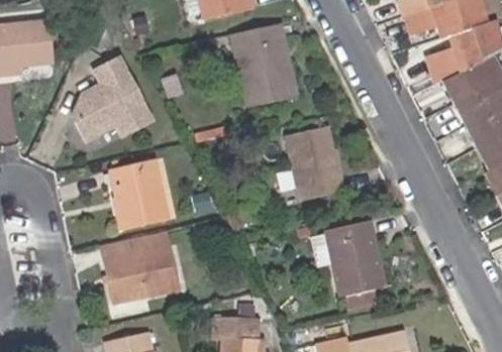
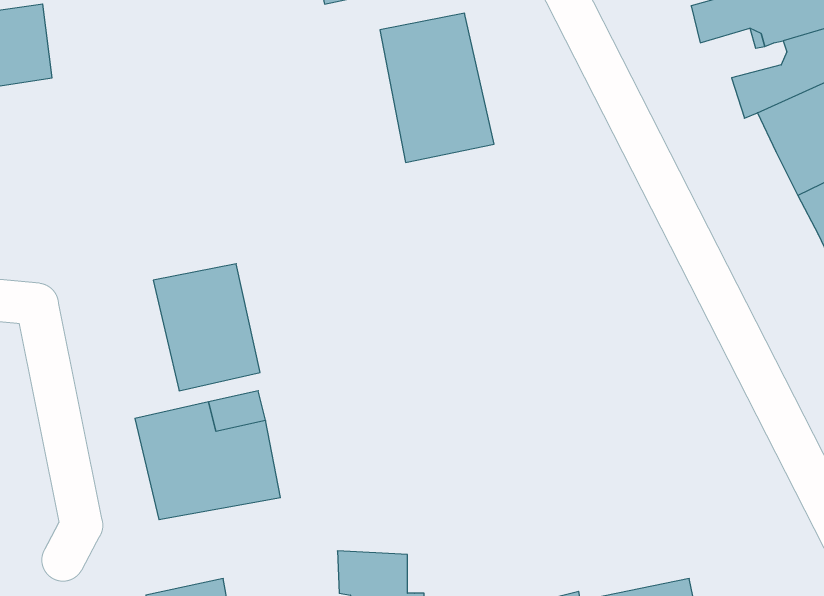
building: [68,56,152,148] -> none
building: [288,126,342,200] -> none
building: [327,220,387,304] -> none

